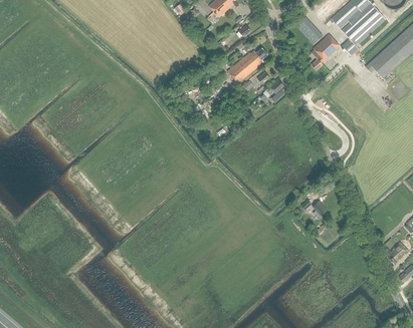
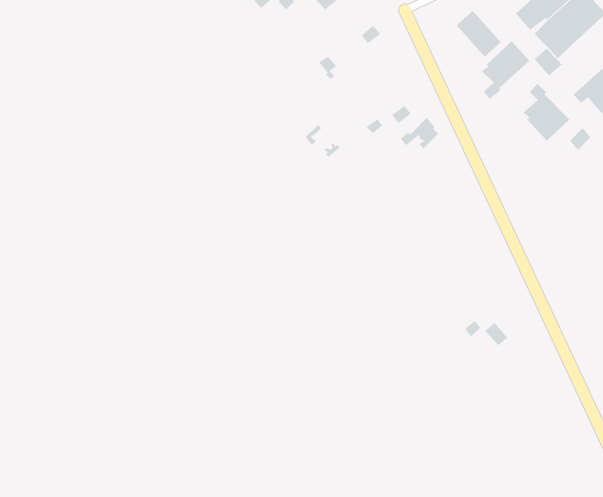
building: [227,47,267,83] -> none
building: none -> [523,83,570,141]

